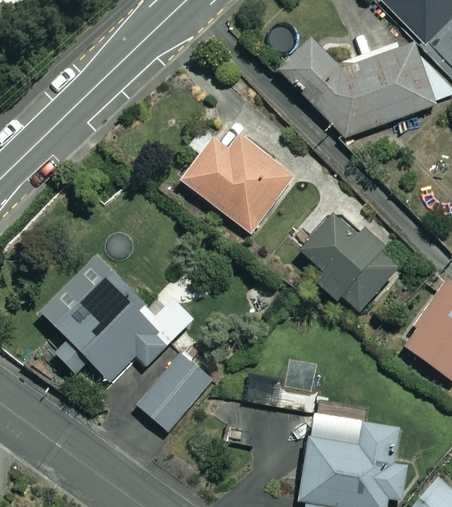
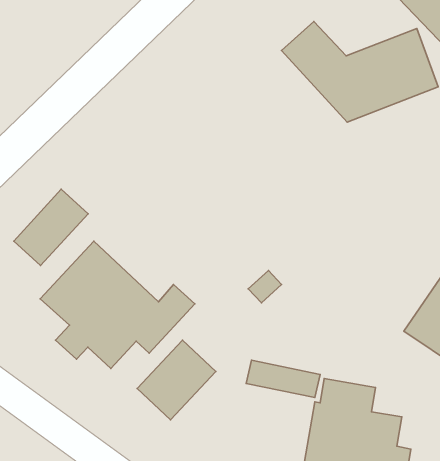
building: [180,131,297,235] -> none
building: none -> [14,189,88,265]
building: [299,210,399,312] -> none

